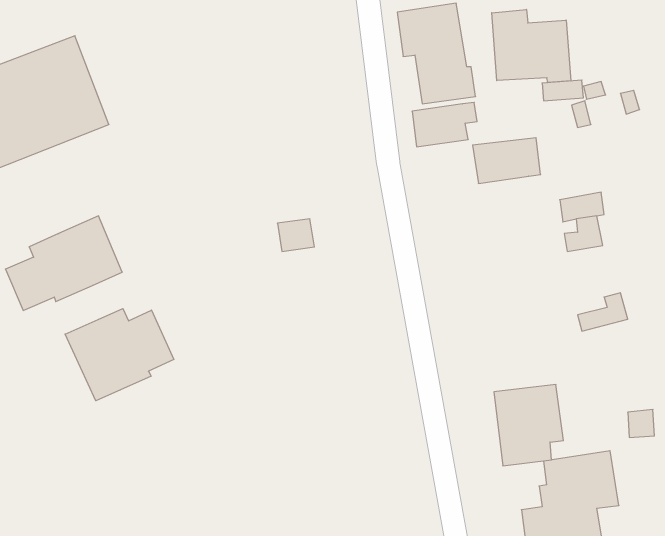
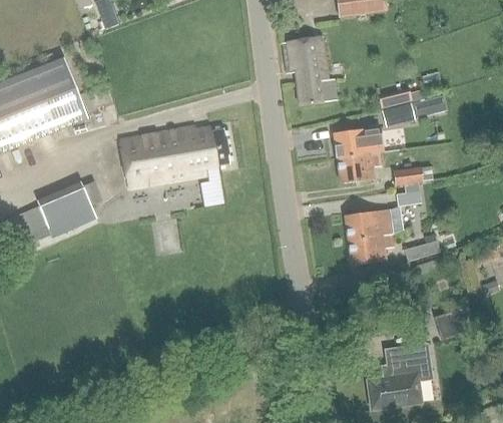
building: [492,9,571,83] -> none
building: [412,102,477,147] -> [337,152,381,182]
building: none -> [119,123,228,187]
building: [65,309,174,401] -> none
building: [494,385,563,466] -> [345,209,392,265]

